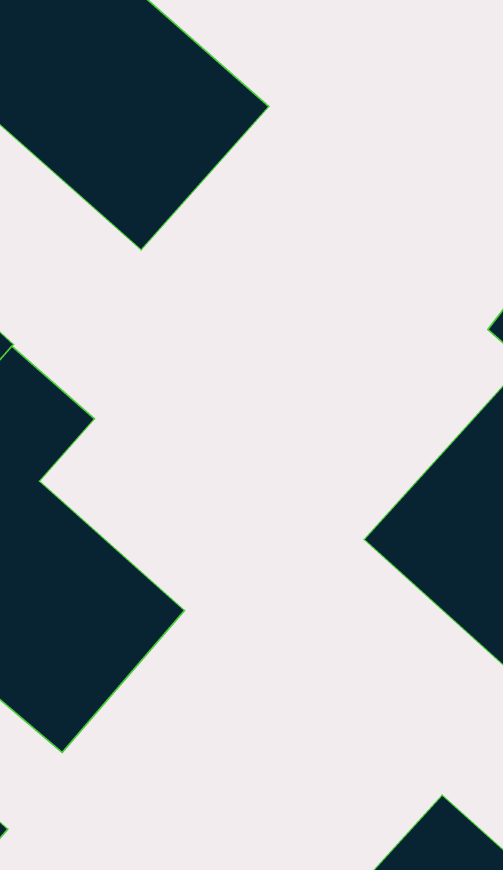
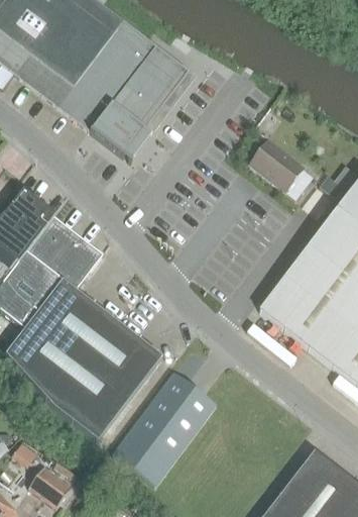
building: none -> [250,140,305,192]
building: none -> [113,372,217,486]

